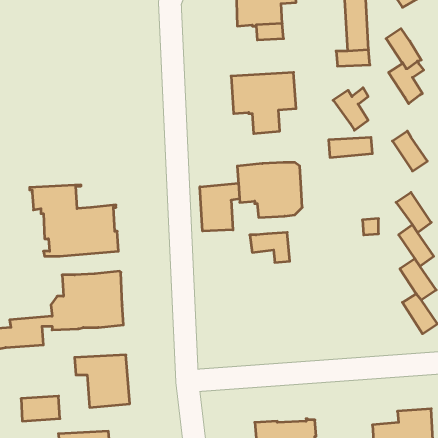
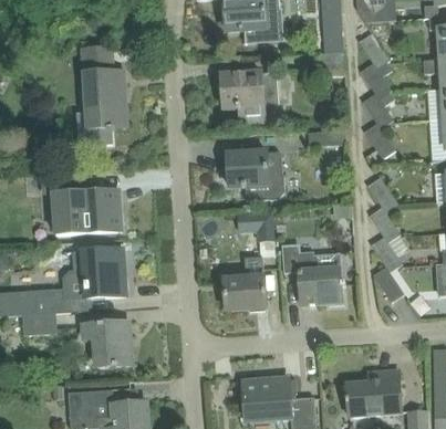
building: none -> [79,48,126,145]
building: [333,88,368,130] -> [362,92,393,129]
building: [200,183,239,231] -> none
building: none -> [281,247,345,305]
building: none -> [225,257,267,311]
building: [21,396,60,421] -> [22,313,56,335]

